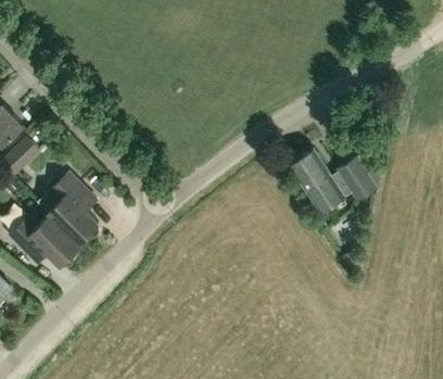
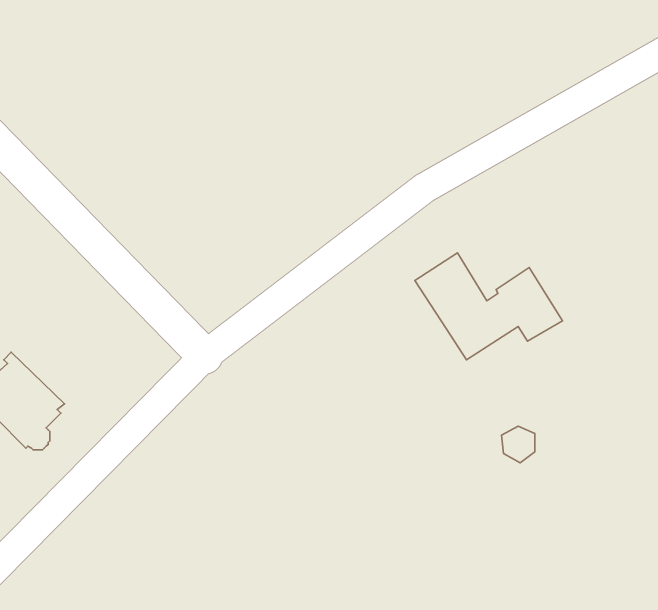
building: [50,173,99,240] -> none

